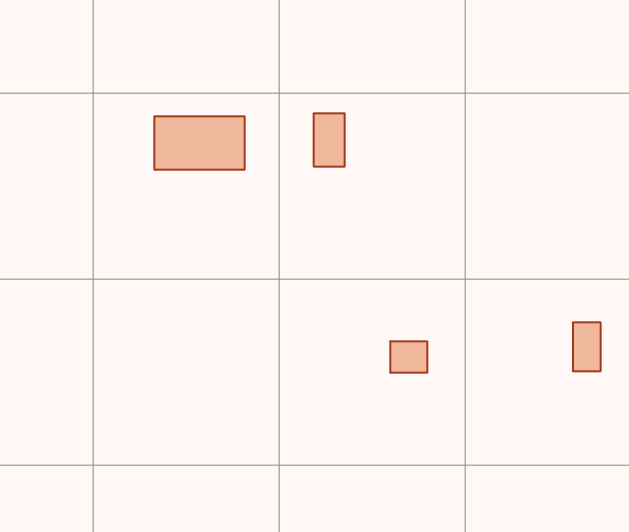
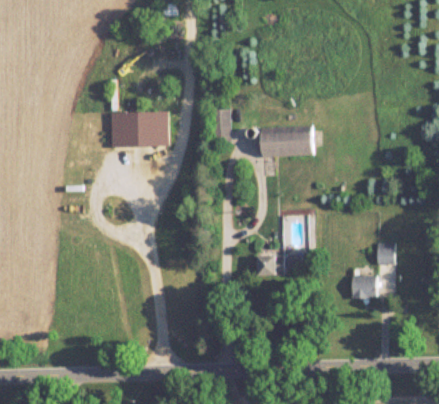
building: none -> [261,127,314,156]
building: none -> [353,275,376,298]

